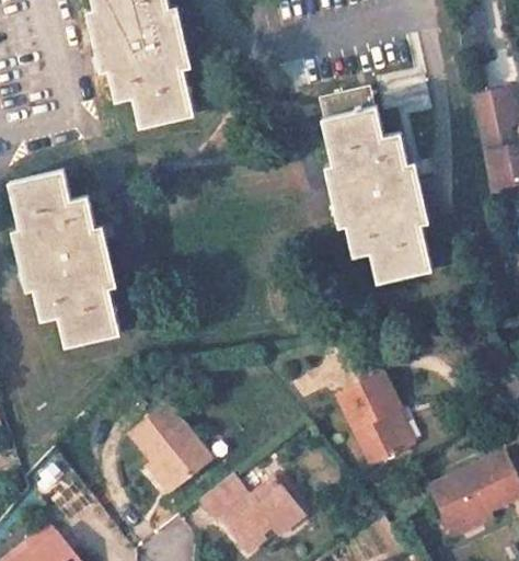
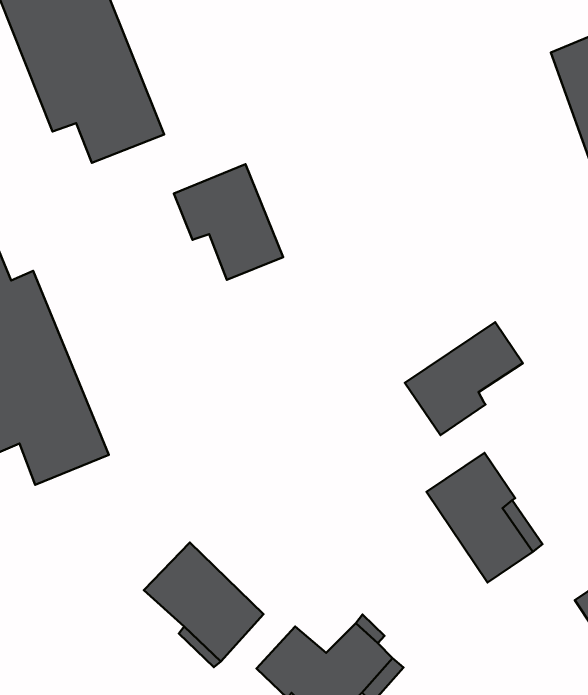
building: [319,87,430,283] -> none
building: none -> [174,164,283,280]
building: none -> [405,322,523,435]

